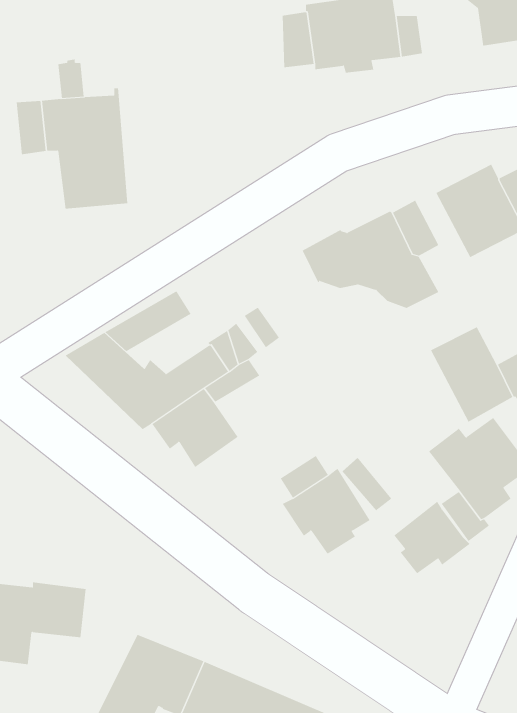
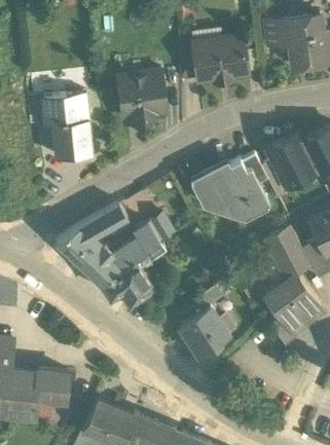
building: none -> [118,69,164,120]
building: [393,501,470,574] -> none

